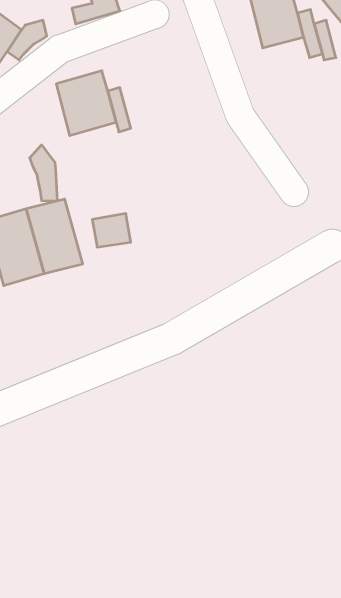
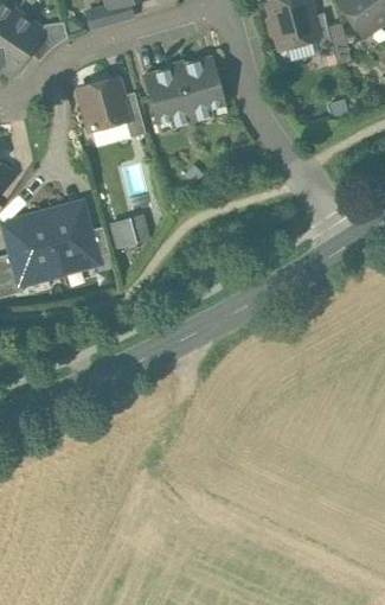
building: none -> [141,53,226,129]
building: [30,145,57,201] -> none

